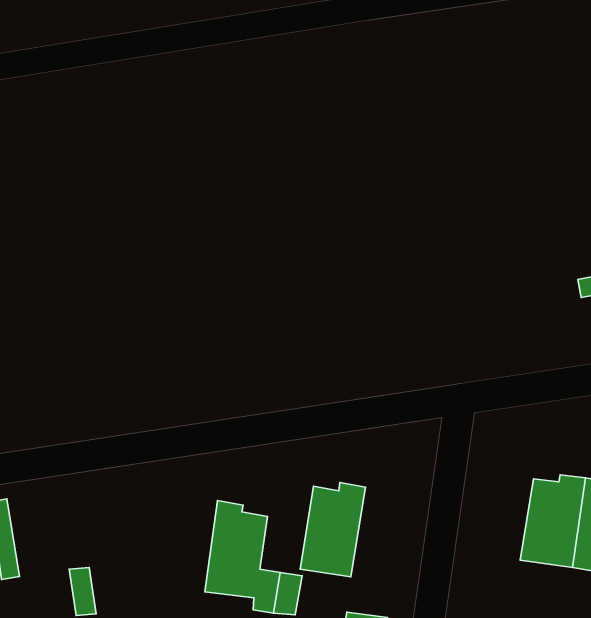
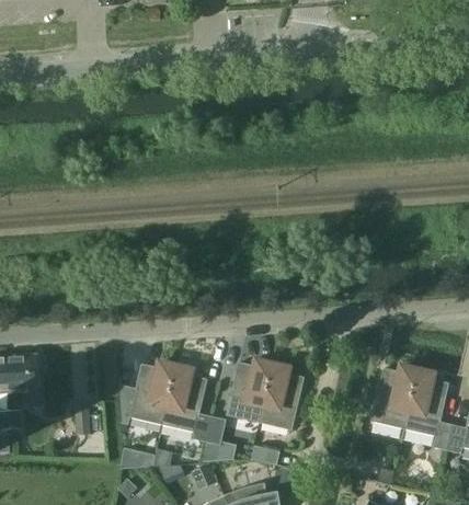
building: none -> [259,364,305,429]
building: none -> [118,361,175,424]

